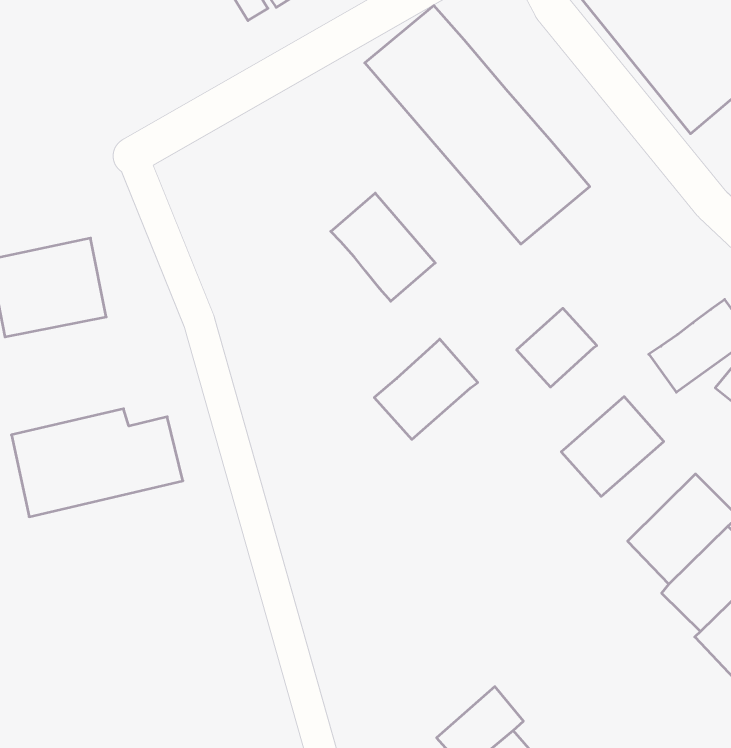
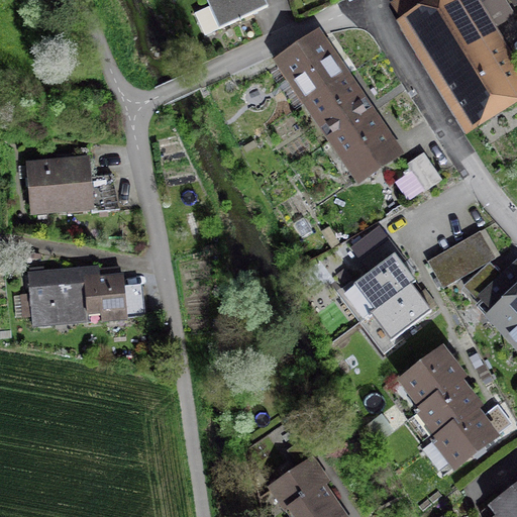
building: none -> [396,157,435,200]
building: [331,193,435,301] -> none
building: [374,339,478,439] -> [349,255,414,315]

